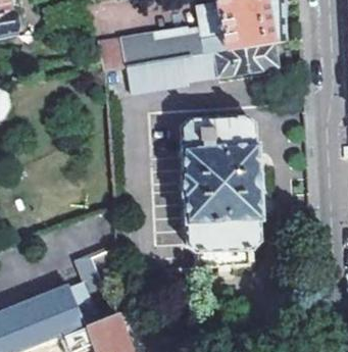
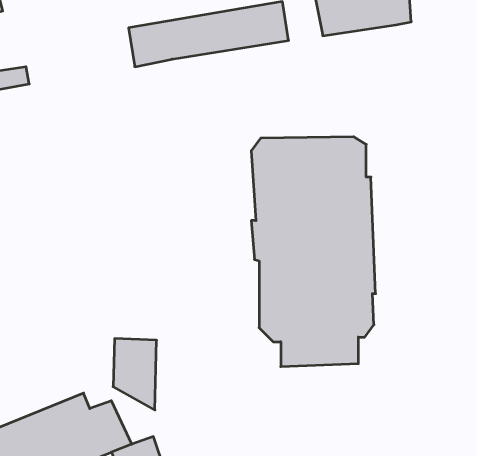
building: [129,43,279,91] -> none

